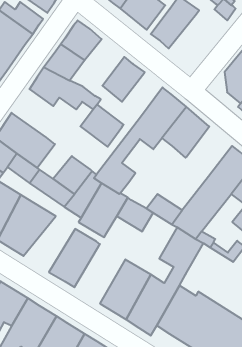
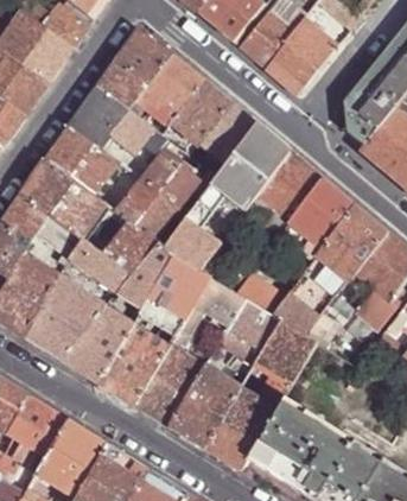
building: none -> [265,20,336,96]
building: none -> [126,56,203,126]
building: none -> [199,102,256,165]
building: none -> [45,126,119,194]
building: none -> [116,178,180,239]
building: none -> [290,178,354,248]
building: none -> [217,299,276,363]
building: none -> [62,304,134,382]
building: none -> [133,328,204,426]

